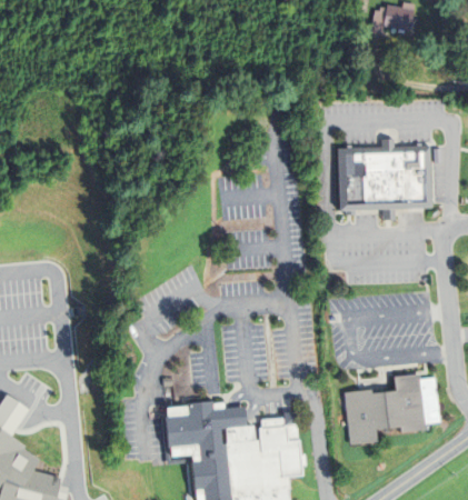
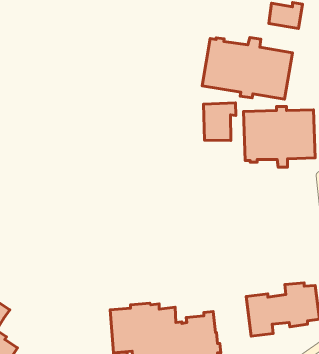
building: none -> [202,38,292,99]
building: none -> [203,103,236,140]

